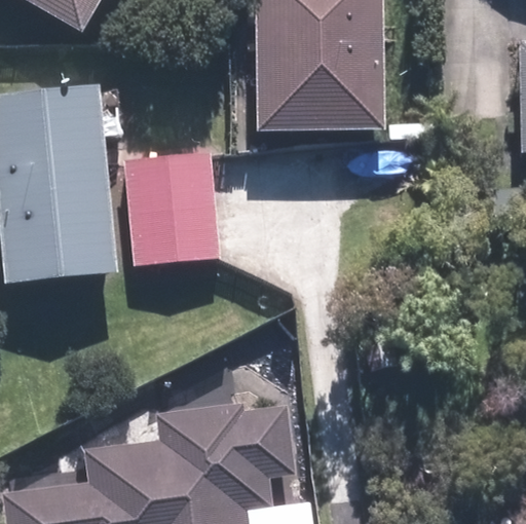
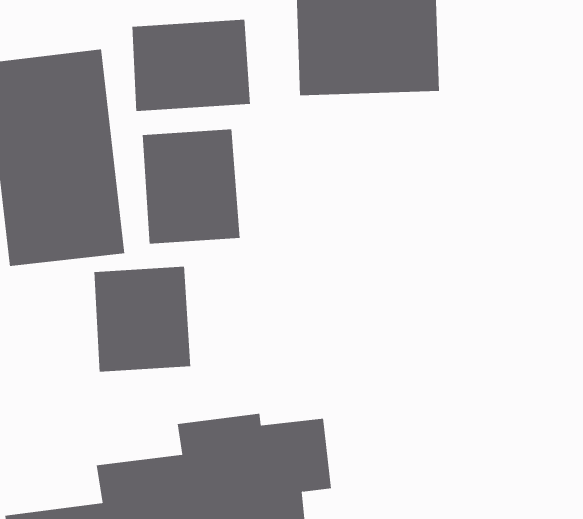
building: none -> [132,19,250,112]
building: none -> [94,266,191,373]

